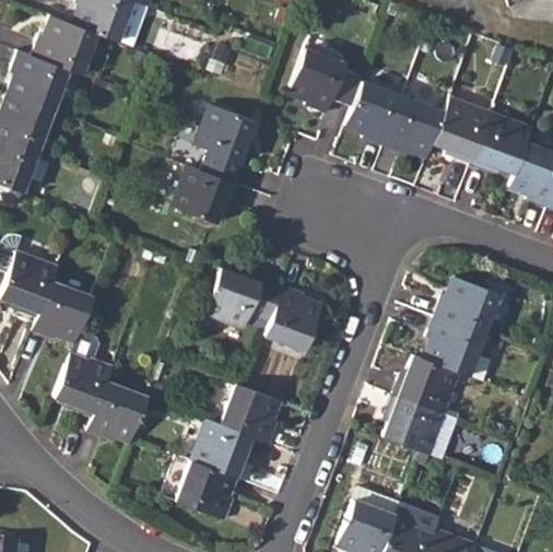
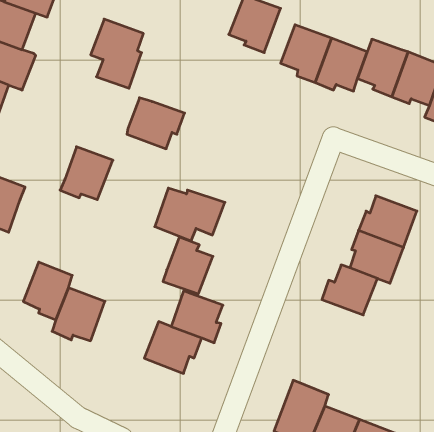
building: [193,104,254,183] -> [91,19,143,88]
building: [32,281,92,341] -> [60,147,113,200]
building: [264,284,321,349] -> [163,237,213,294]
building: [384,395,460,460] -> none
building: [176,461,236,520] -> none

